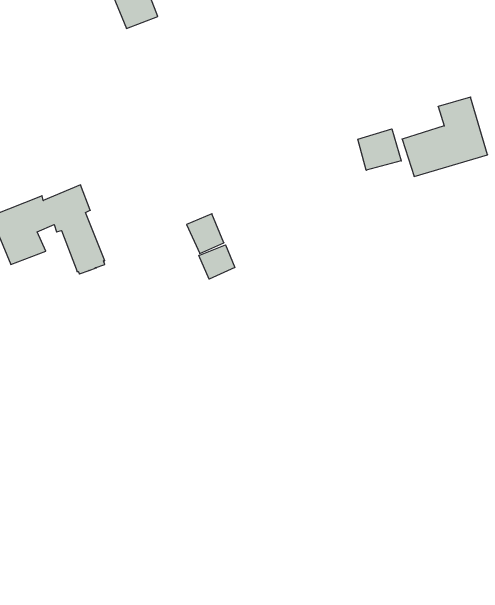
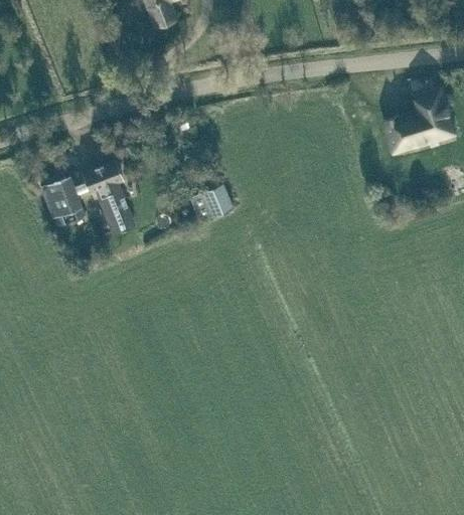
building: [358,129,401,170] -> none
building: [199,245,235,279] -> none

